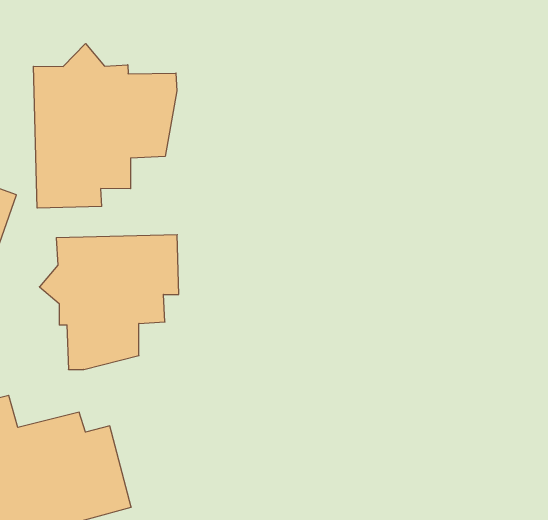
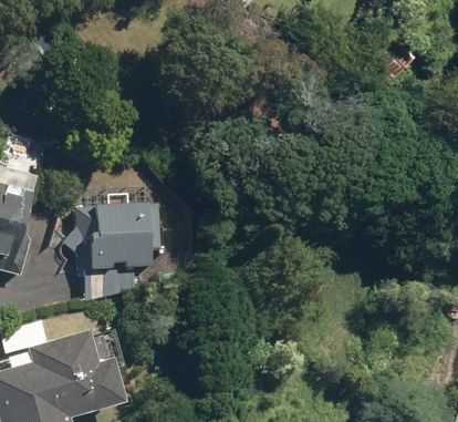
building: [34,44,177,208] -> none

